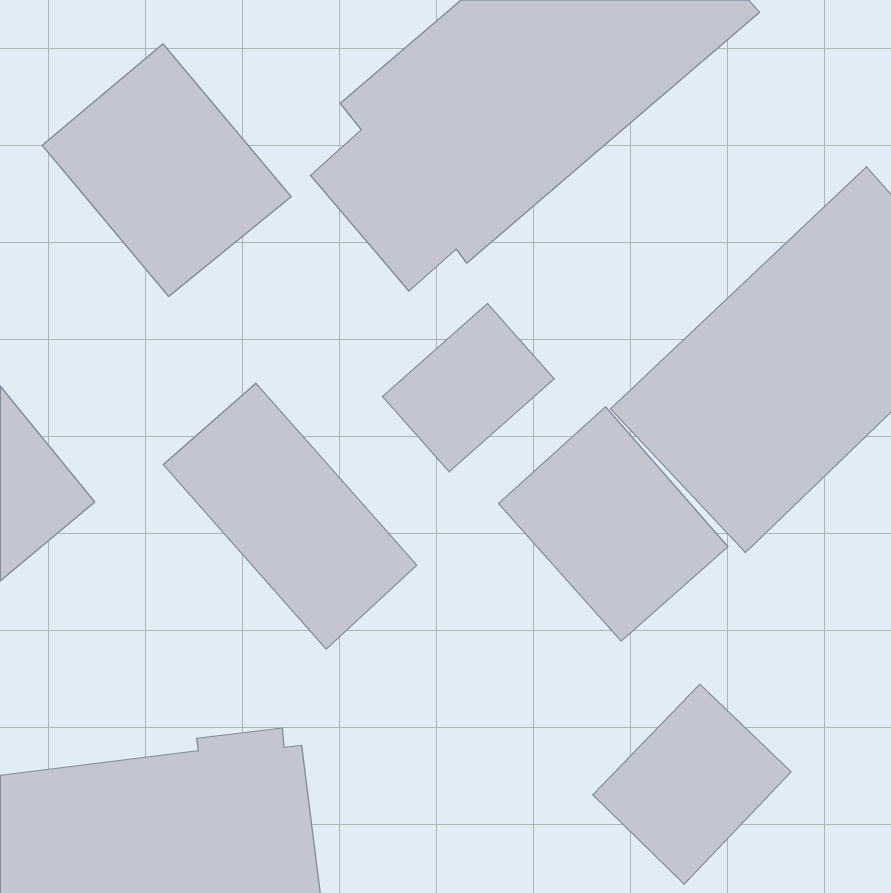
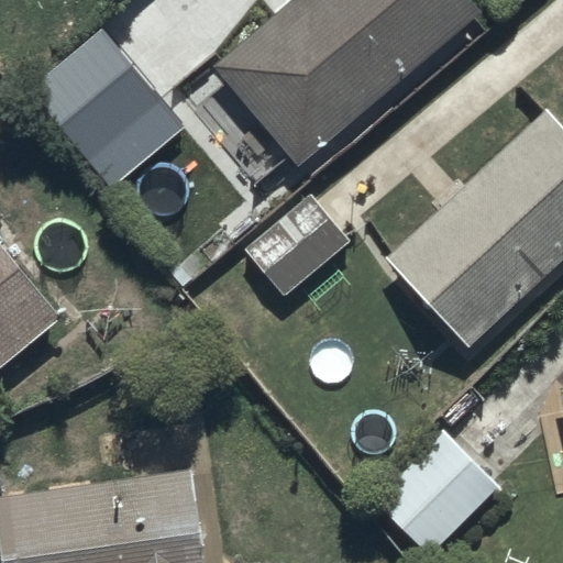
building: [163,383,417,649] -> none
building: [499,407,728,641] -> none

